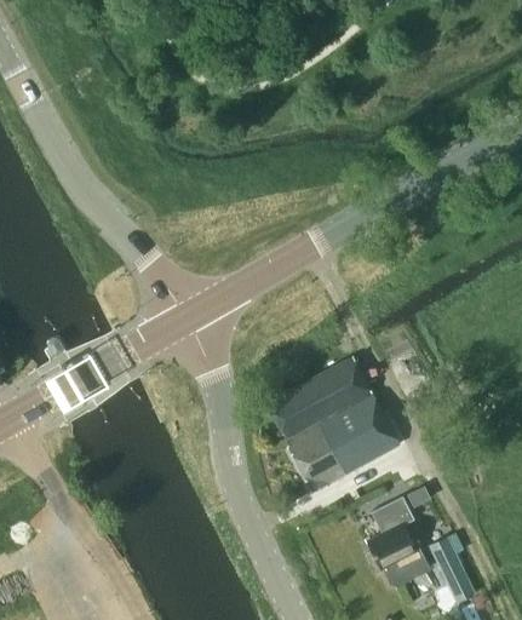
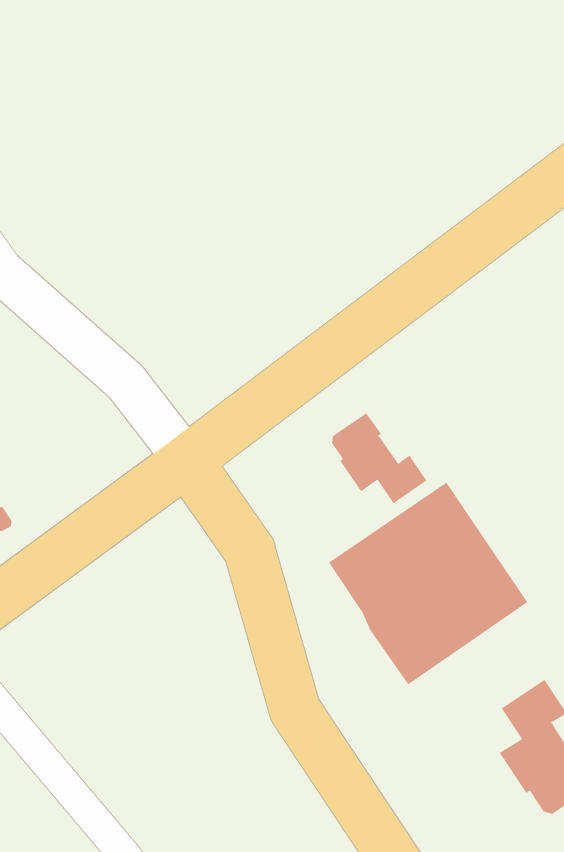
building: none -> [331,412,427,504]

